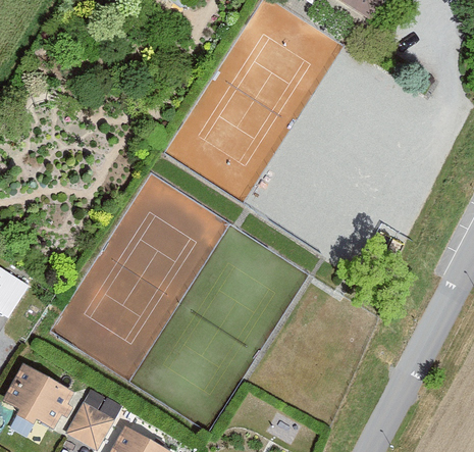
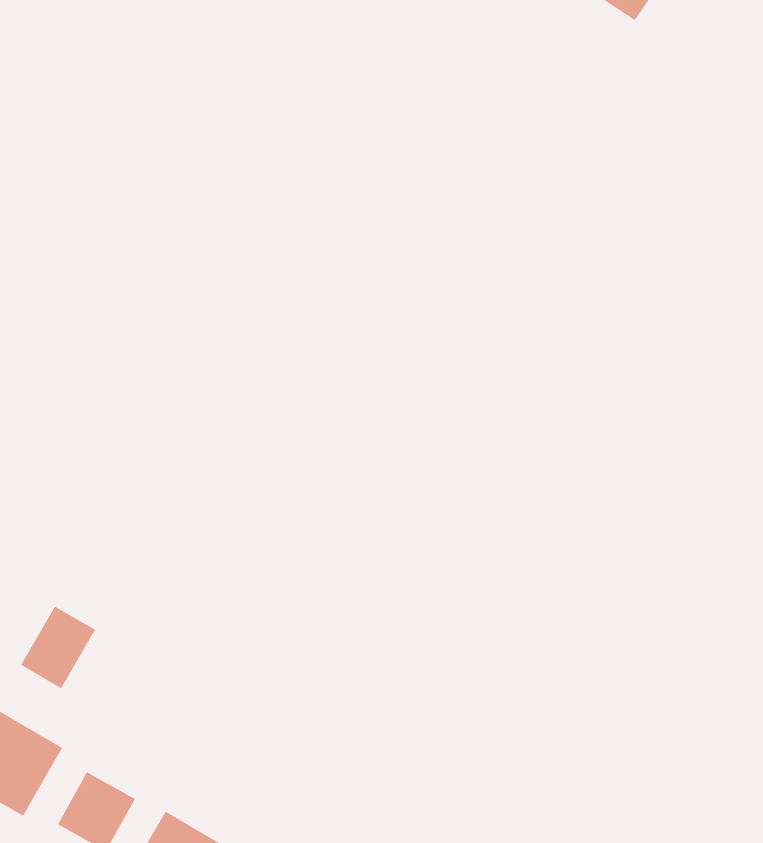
building: none -> [20,606,96,689]

